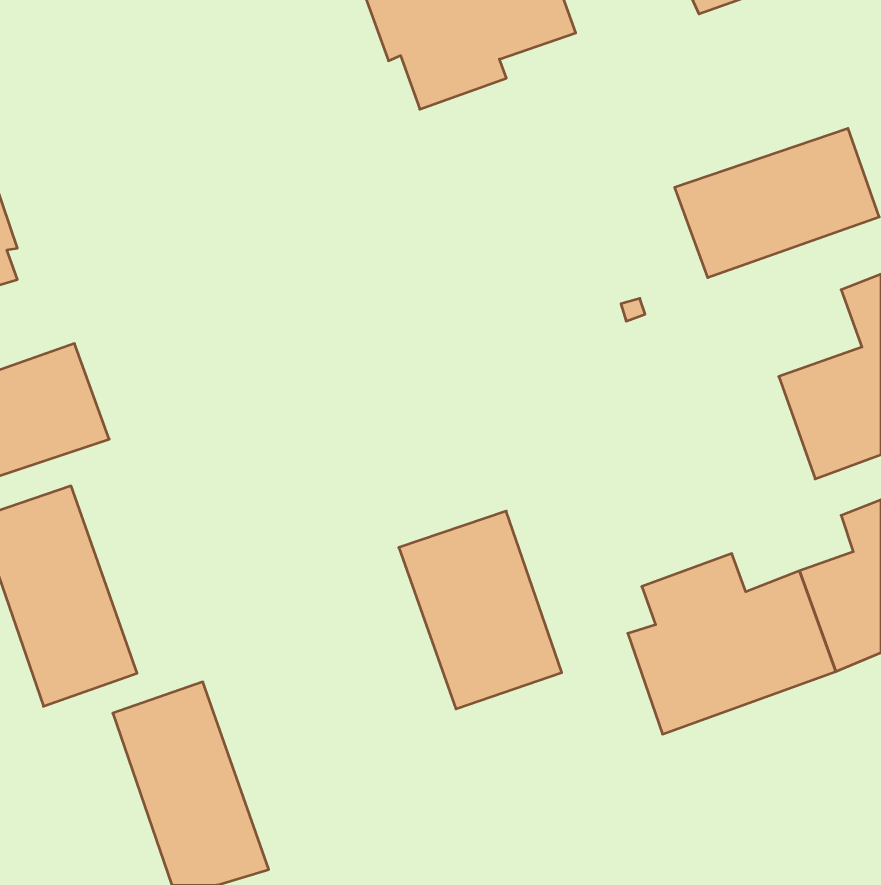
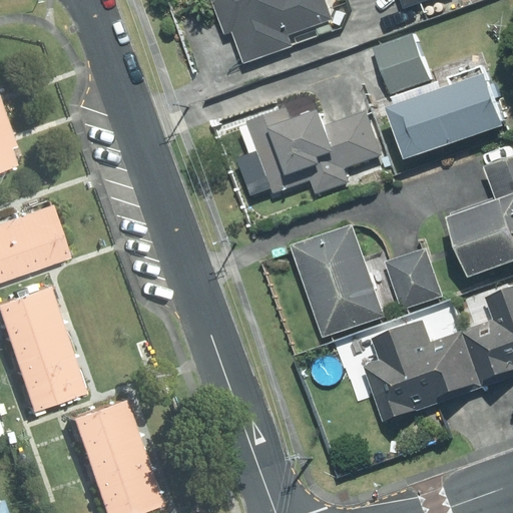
building: none -> [374,33,430,93]
building: none -> [240,107,382,194]
building: none -> [385,247,442,310]
building: [399,511,562,709] -> [291,223,385,338]

